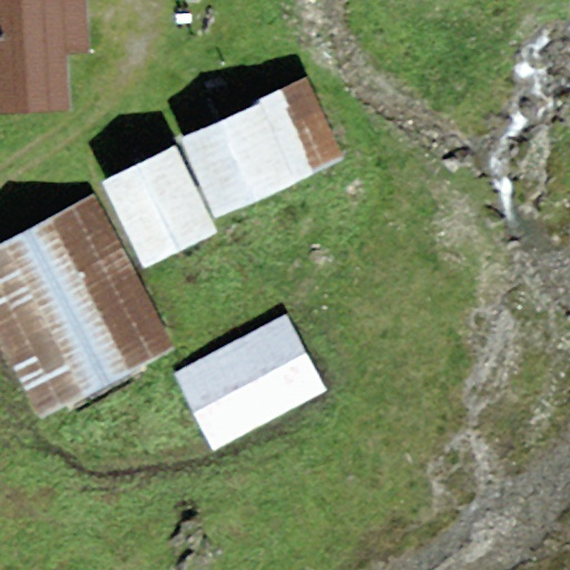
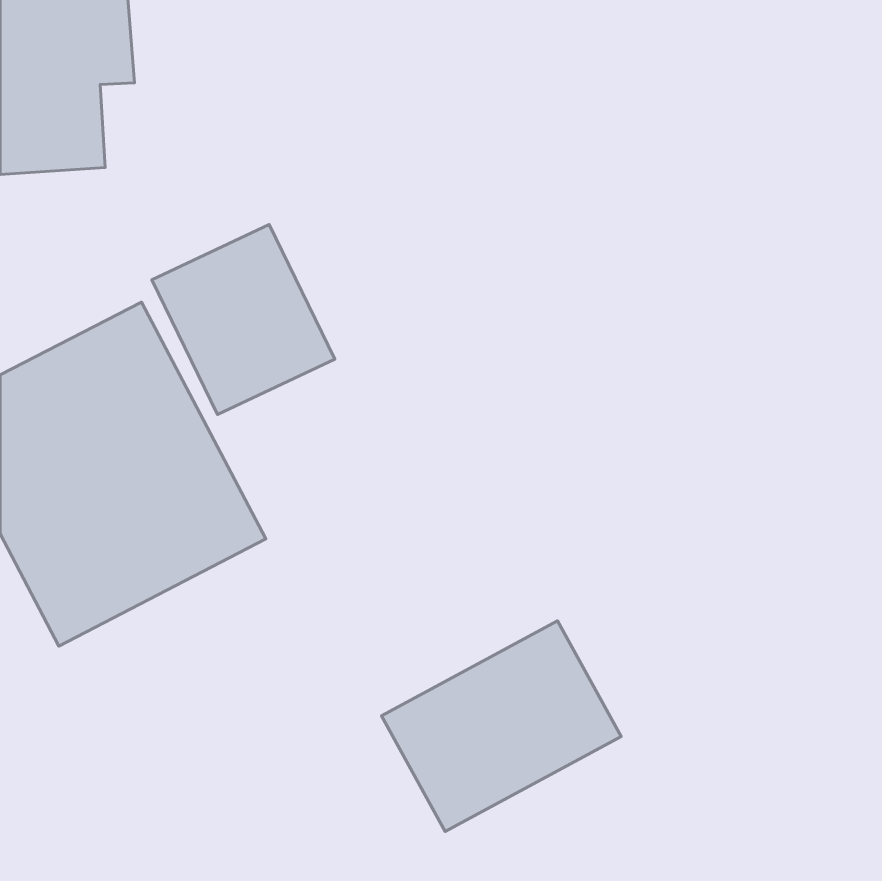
building: [179,75,344,218] -> none
building: [170,314,325,450] -> [381,621,621,832]

